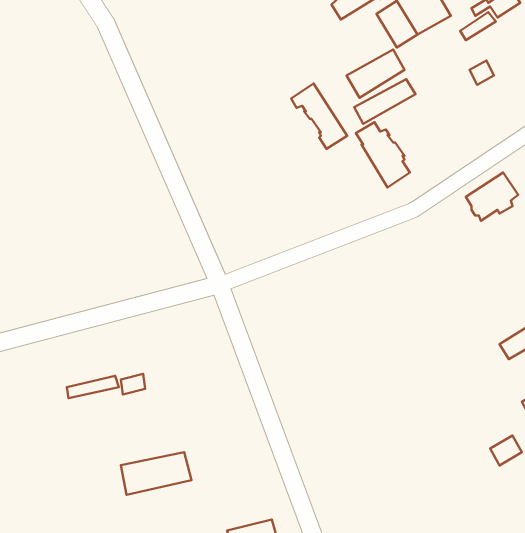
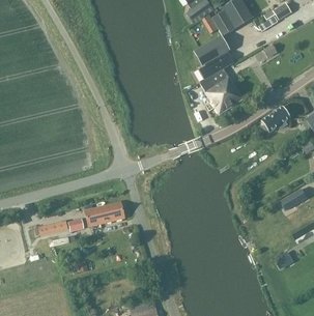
building: [291,84,347,149] -> [210,69,241,106]
building: [121,452,192,495] -> [86,201,125,225]

